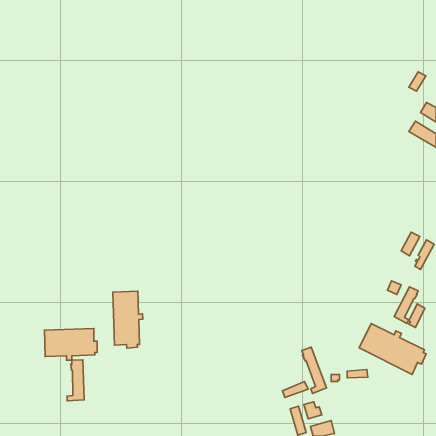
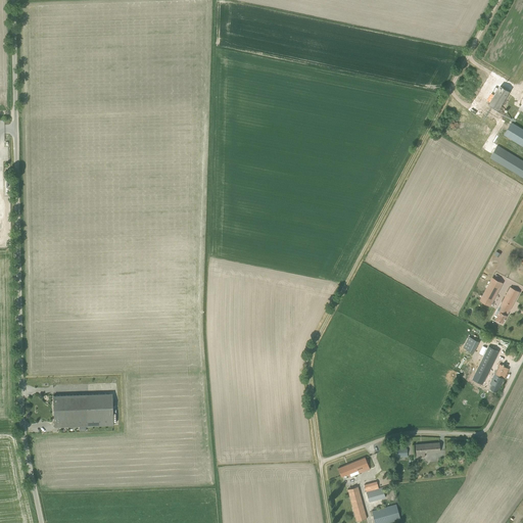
building: [113,291,143,348] -> none
building: [359,323,426,374] -> none
building: [302,347,326,393] -> none
building: [67,360,84,401] -> none

